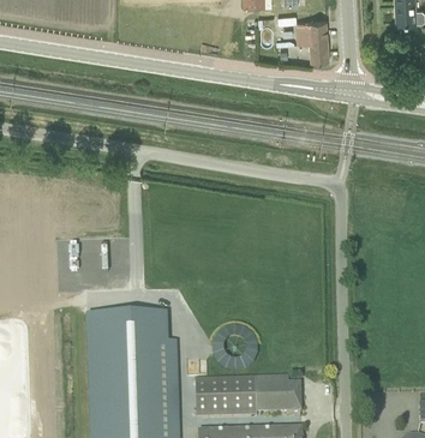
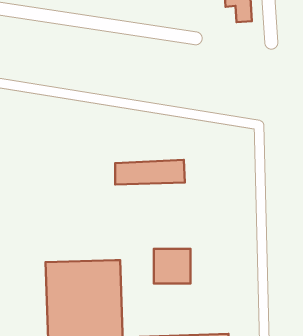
building: [86,312,168,341] -> [115,160,185,184]
building: [182,372,300,415] -> none

